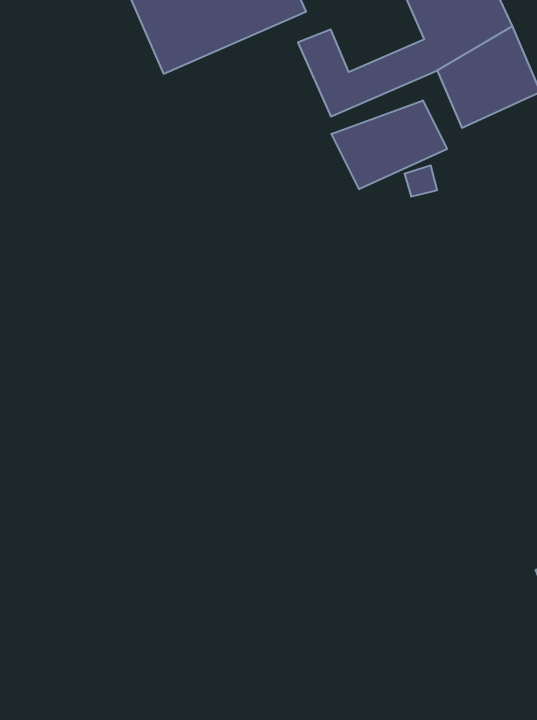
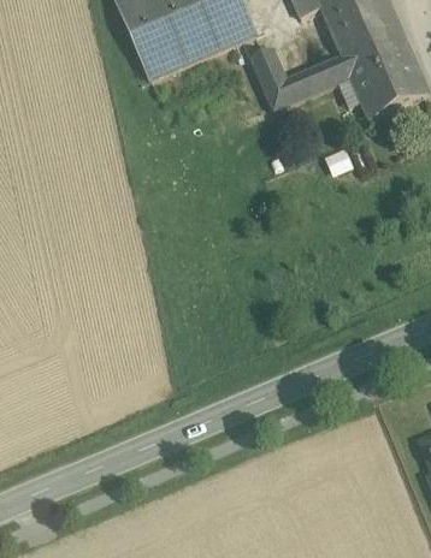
building: [331,100,447,189] -> none

